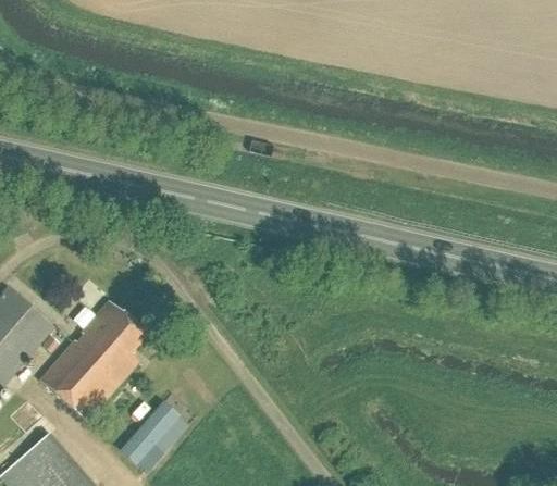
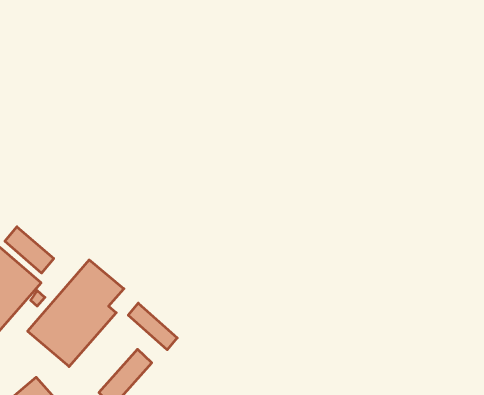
building: none -> [5,227,54,273]
building: none -> [128,303,177,350]

